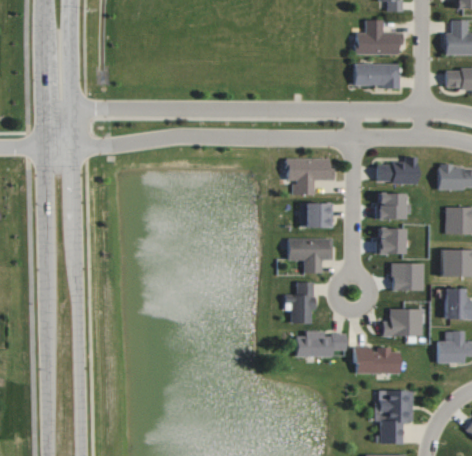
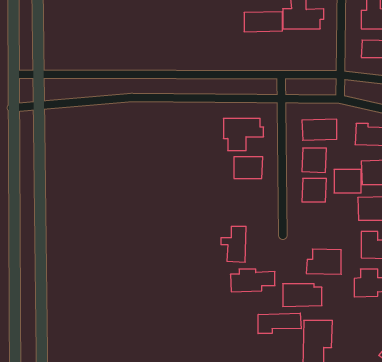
building: [354,63,398,86] -> [244,12,282,32]
building: [288,238,332,274] -> none
building: [392,263,423,290] -> [334,169,361,193]
building: none -> [258,313,301,334]

